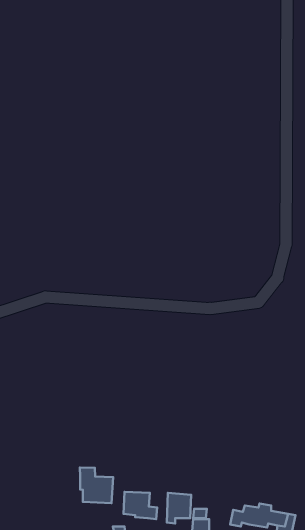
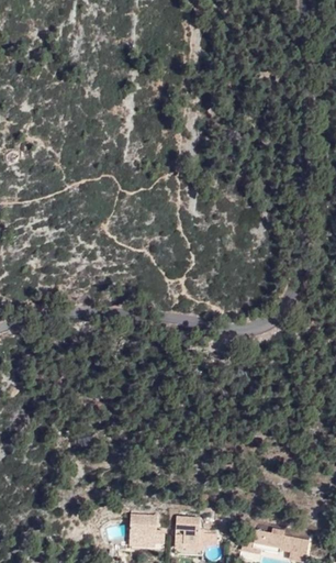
building: [80,468,113,503] -> none

